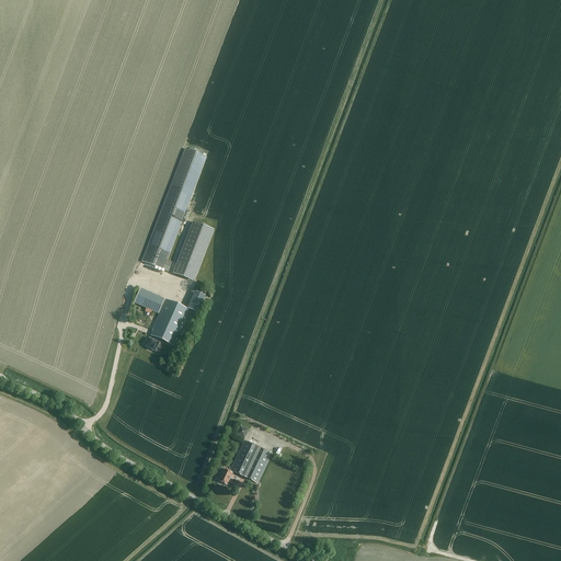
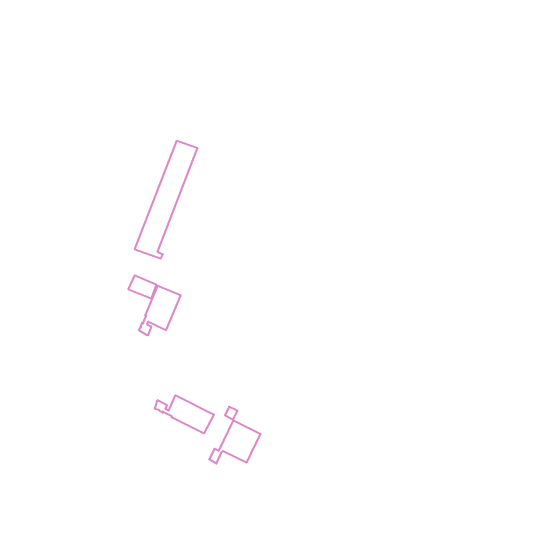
building: [172,220,213,279] -> none
building: none -> [155,395,214,433]

